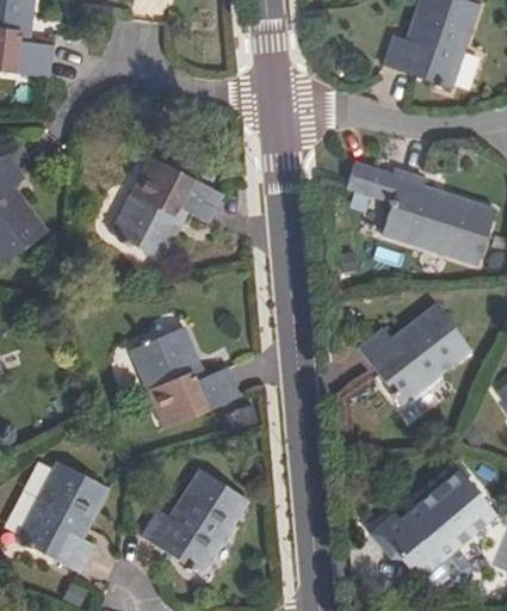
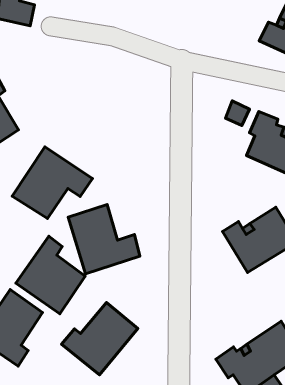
building: [109,155,223,259] -> [12,147,93,219]
building: none -> [16,236,85,314]

